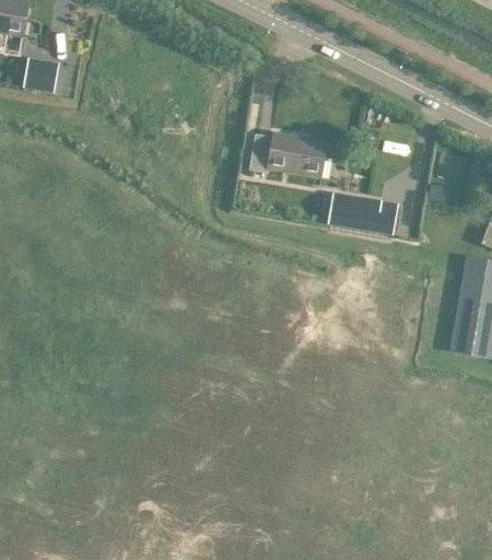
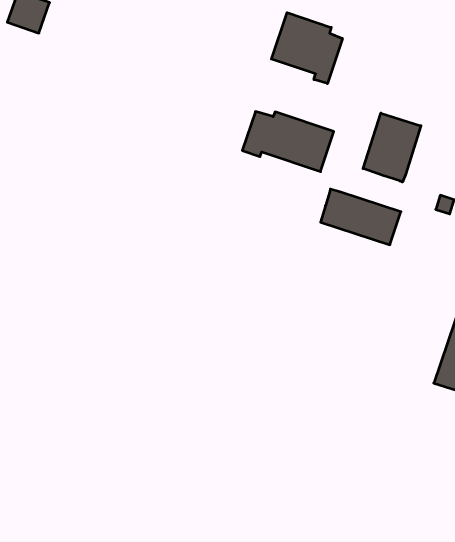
building: none -> [271,13,342,84]
building: none -> [363,113,421,182]

